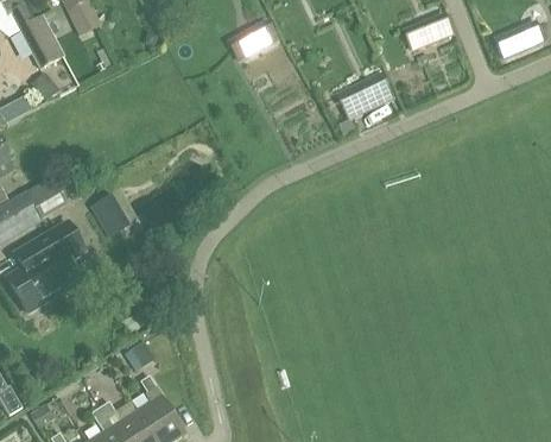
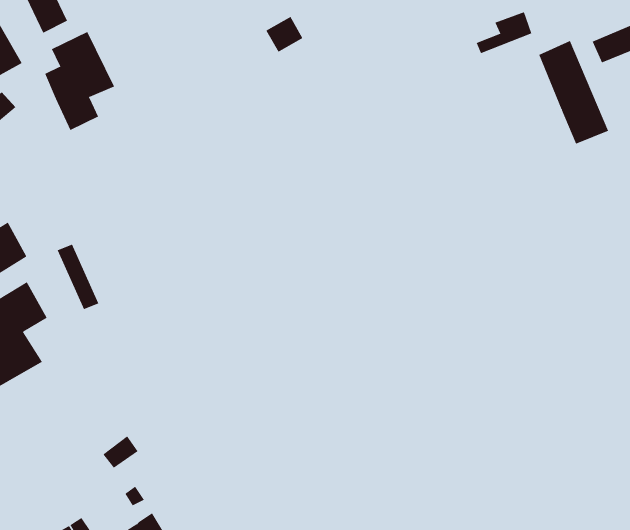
building: none -> [44,31,115,131]
building: none -> [539,40,609,144]
building: [340,80,391,119] -> none

